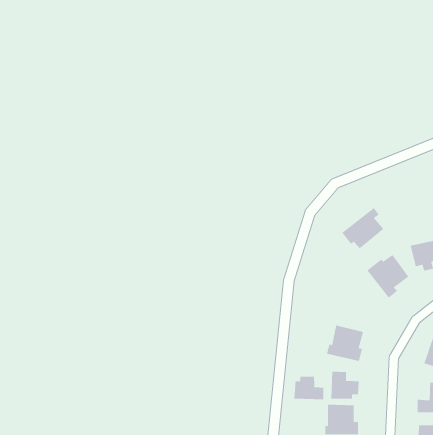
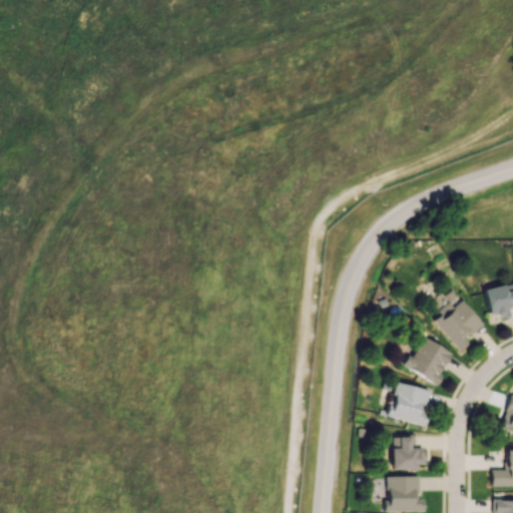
building: [342,207,384,249] -> none
building: none -> [406,337,453,386]
building: [294,376,324,400] -> none

